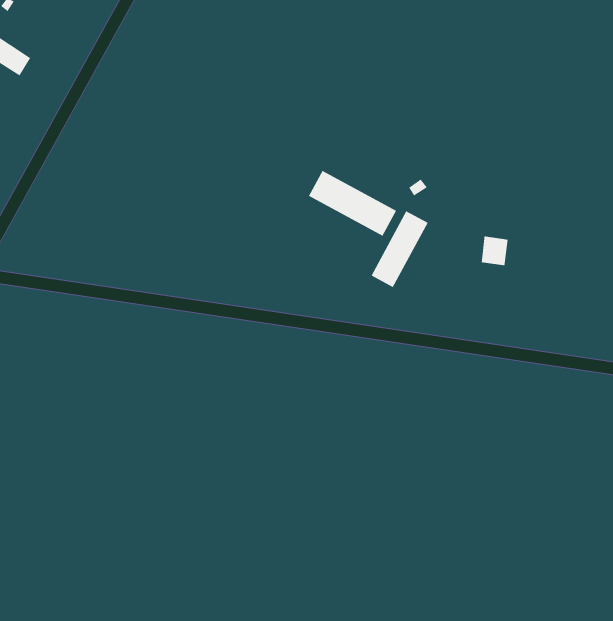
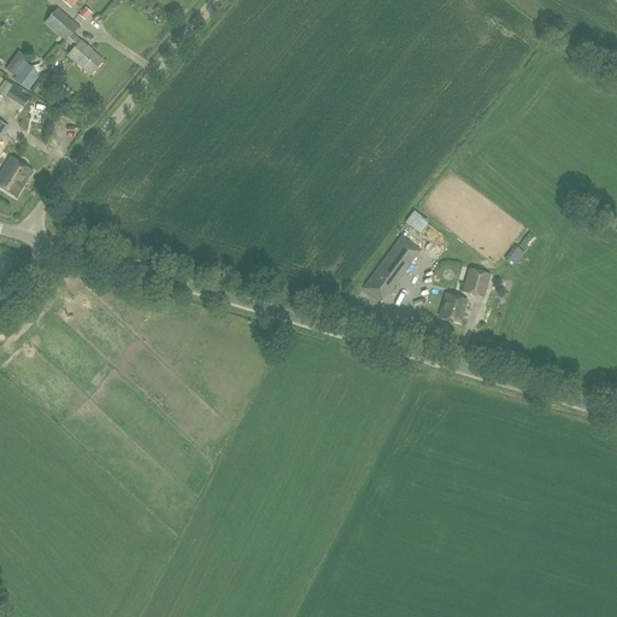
building: [308,170,397,237] -> none
building: none -> [437,293,465,321]

